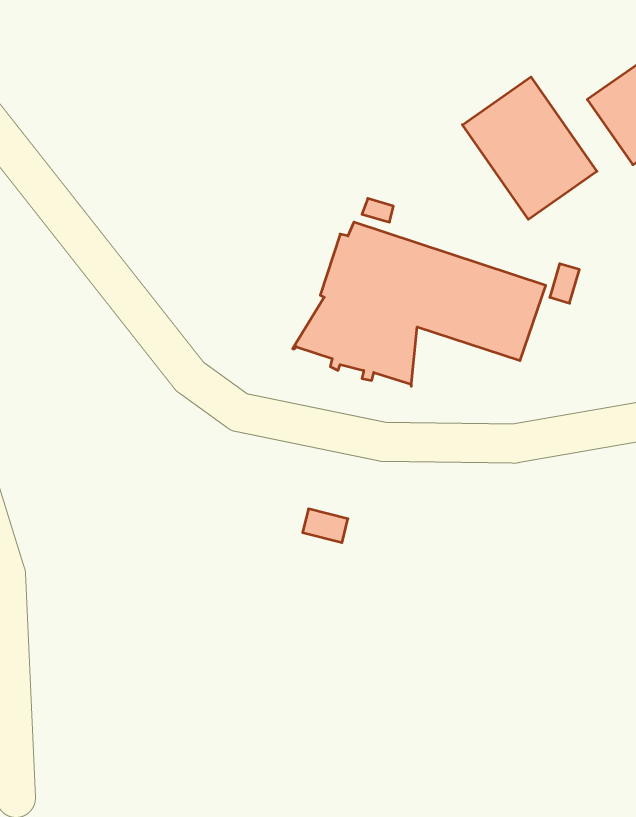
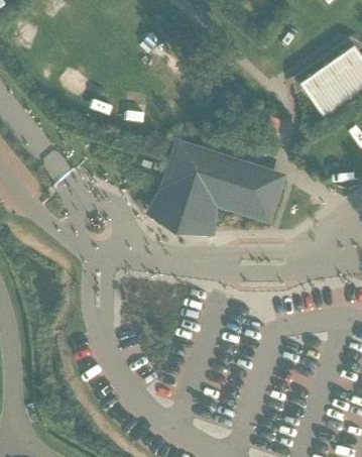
building: [462,77,597,219] -> none

